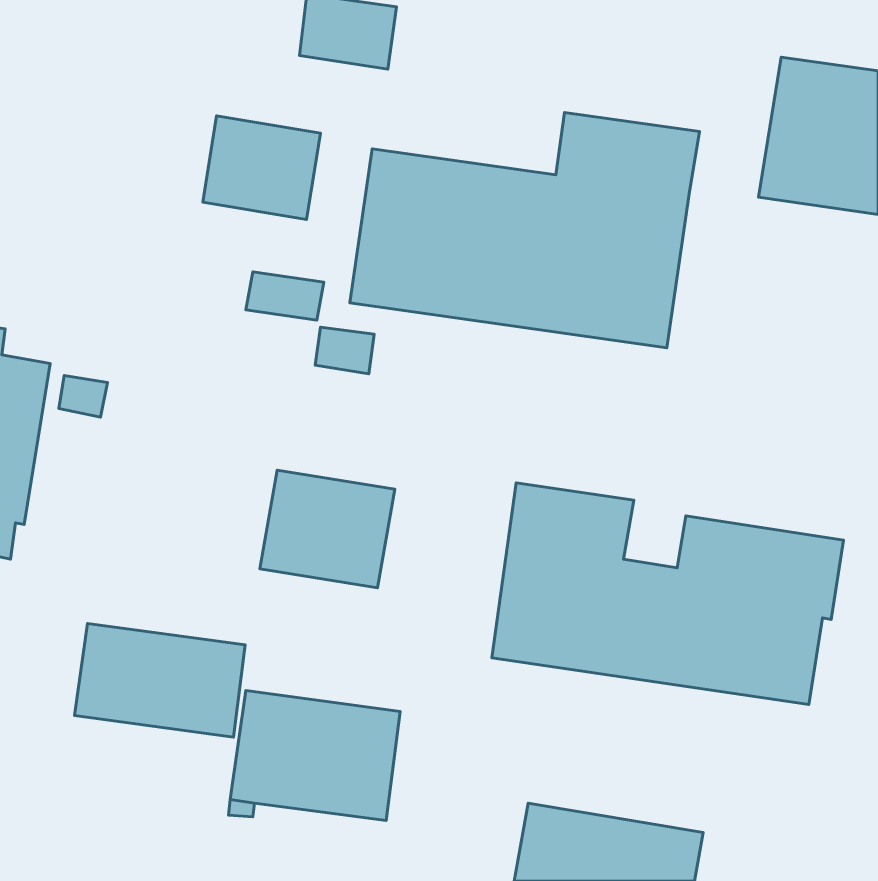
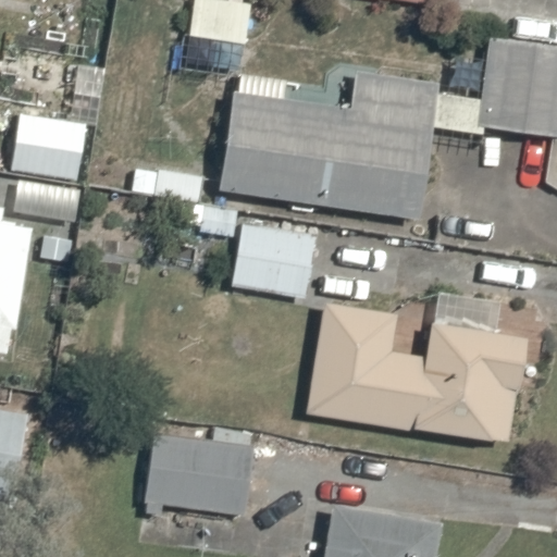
building: [203,116,320,220] -> [11,113,85,178]
building: [260,470,395,588] -> [231,223,315,297]
building: [74,623,245,737] -> none

